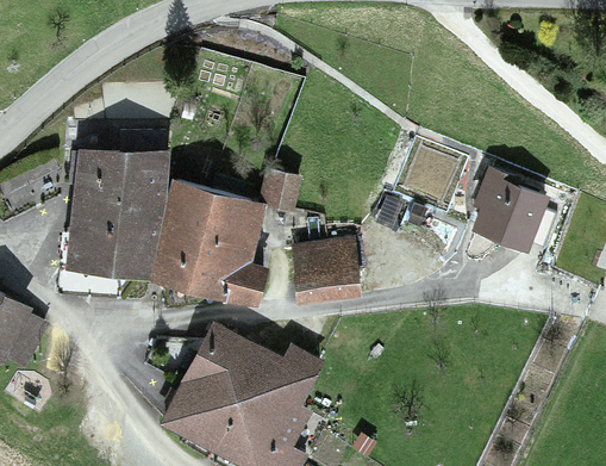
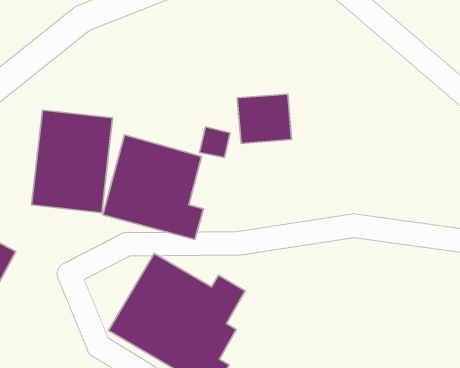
building: [470,167,549,248] -> none
building: [295,241,361,300] -> [237,94,292,143]

